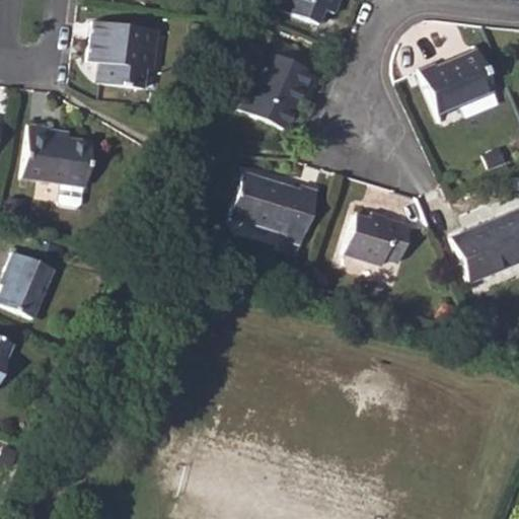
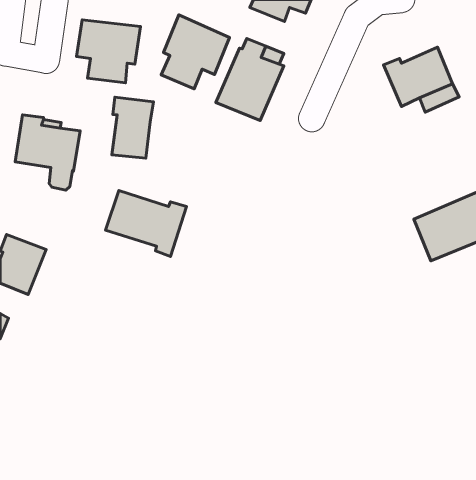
building: none -> [161,15,229,89]
building: none -> [112,97,153,158]
building: [231,173,318,244] -> [106,191,187,256]
building: [346,213,412,264] -> none

